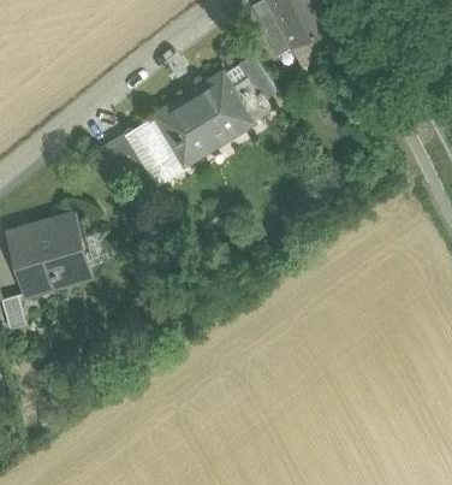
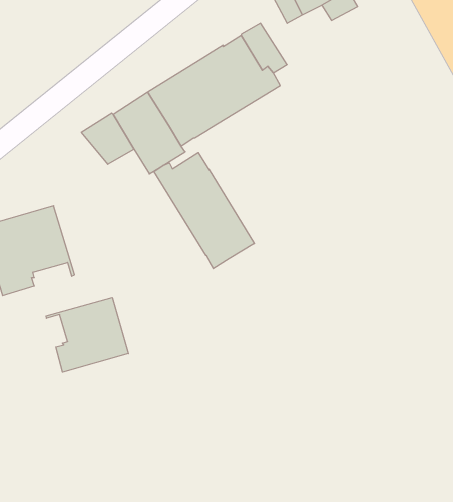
building: none -> [154,153,255,269]
building: none -> [46,298,128,372]

